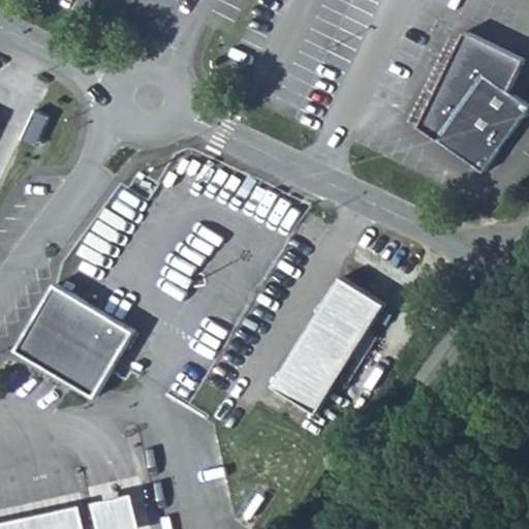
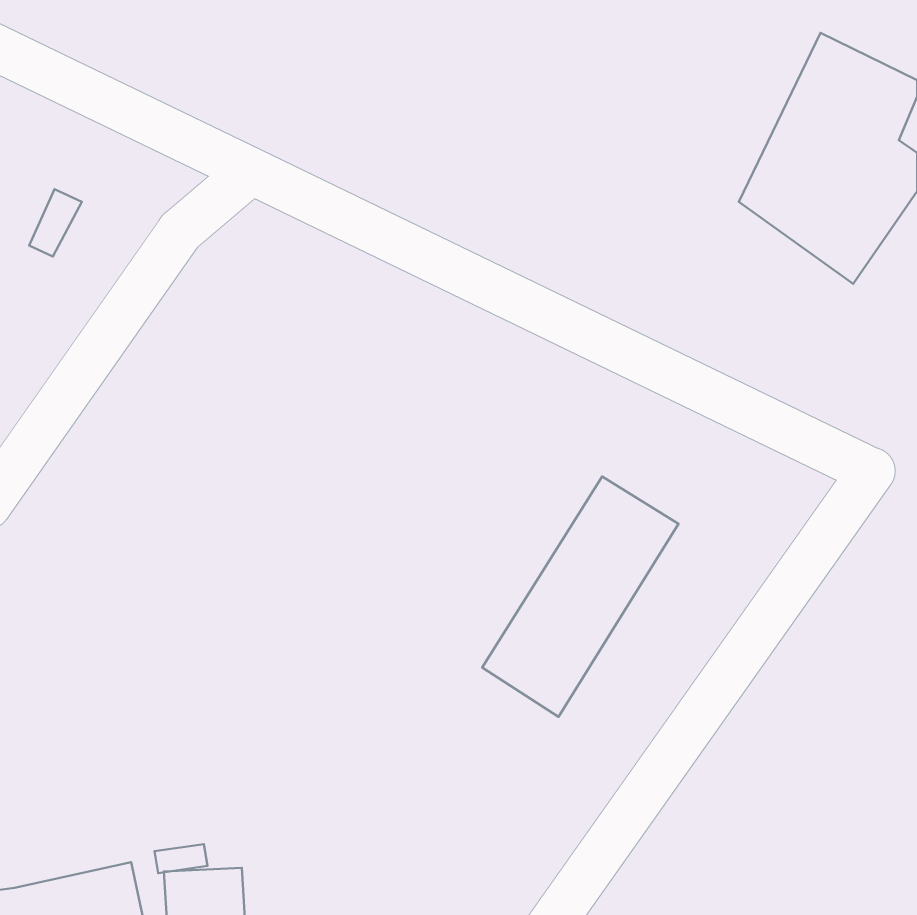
building: [9,286,132,404] -> none

